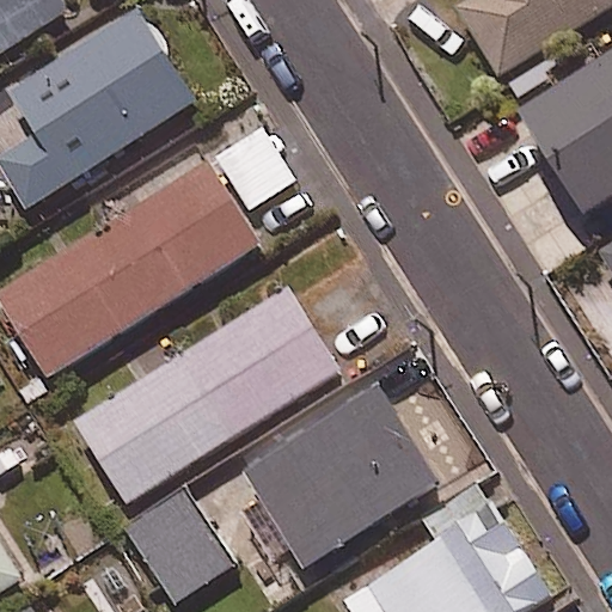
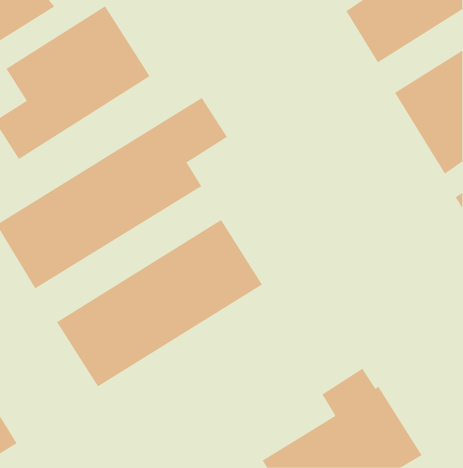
building: [243,385,442,569] -> none
building: [122,489,231,602] -> none

